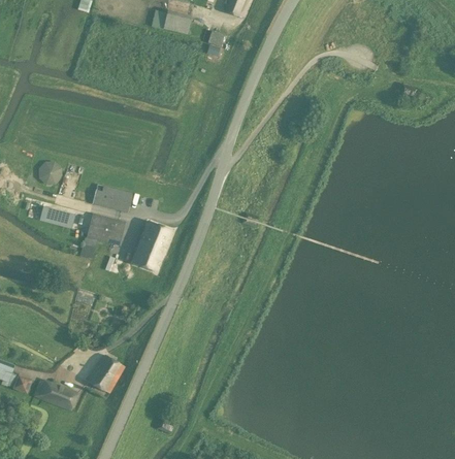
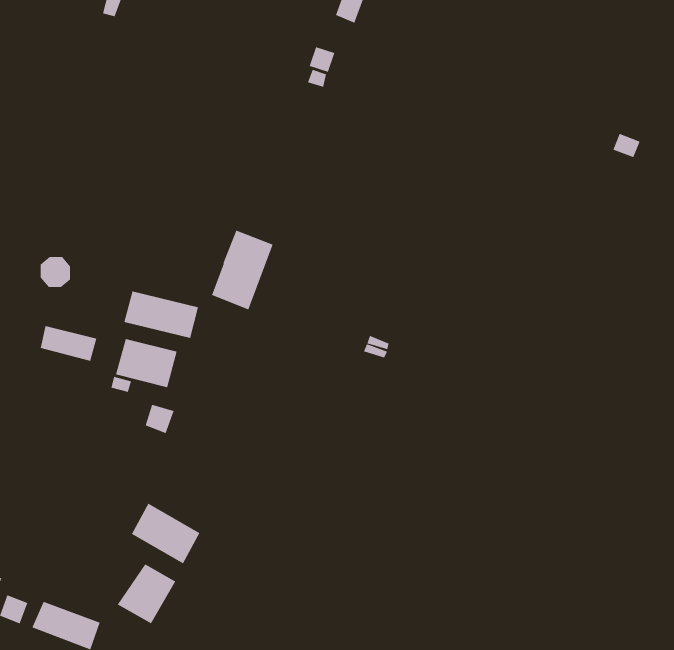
building: [152,11,190,33] -> none
building: [132,220,171,270] -> [211,230,274,310]
building: none -> [131,503,200,564]

